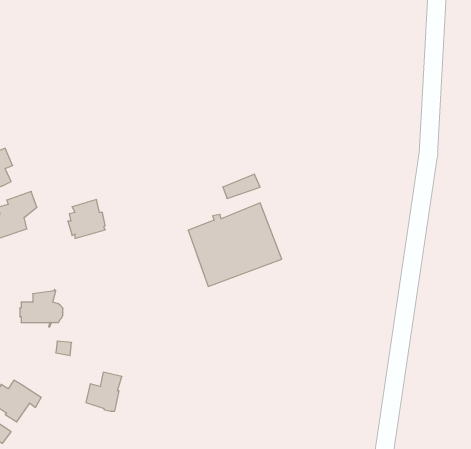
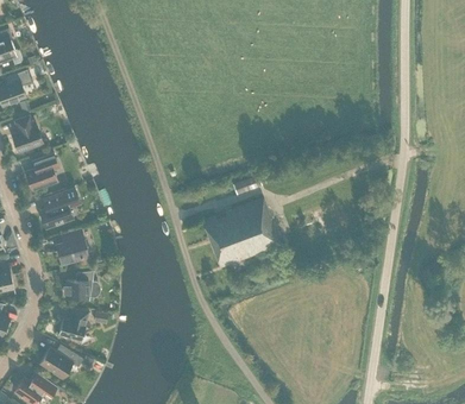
building: [68,200,105,238] -> [55,229,86,261]
building: [86,372,122,411] -> [57,308,87,340]

